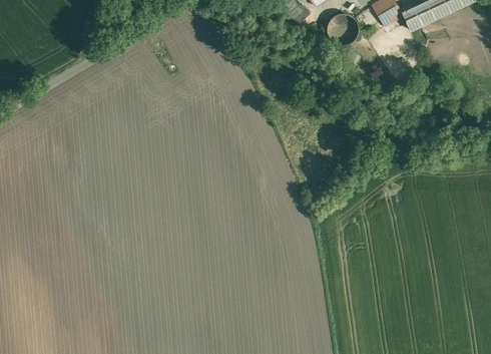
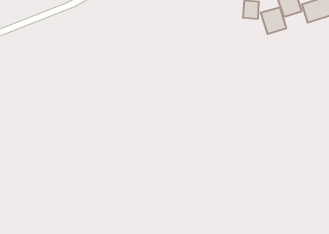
building: none -> [261,7,286,34]

